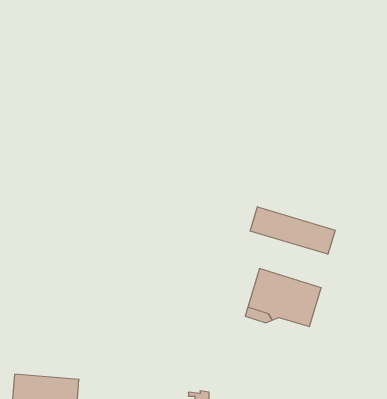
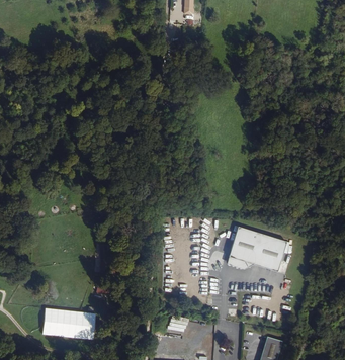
building: [250,207,335,254] -> none

